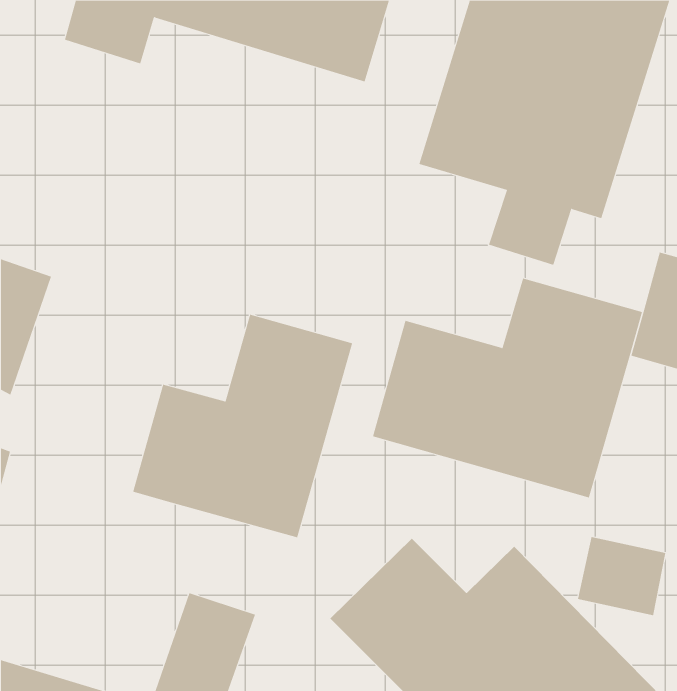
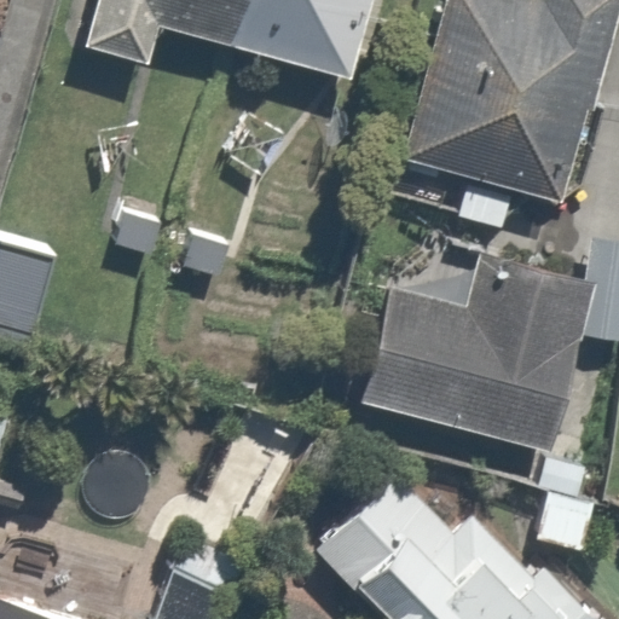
building: [132,314,353,538] -> none

